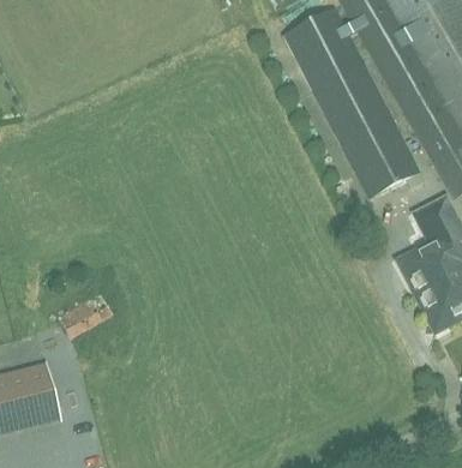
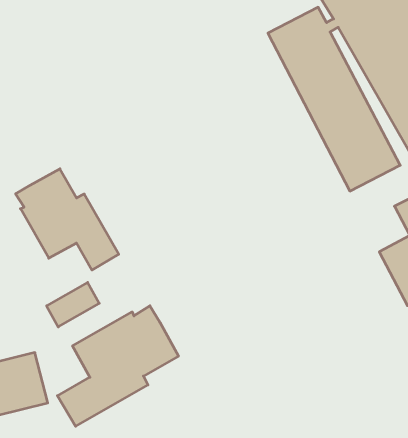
building: none -> [16,169,119,270]
building: none -> [57,306,178,426]

